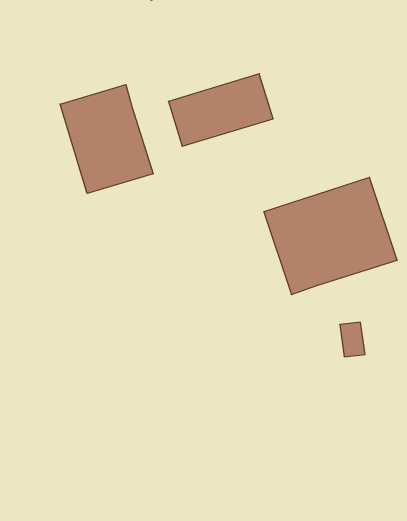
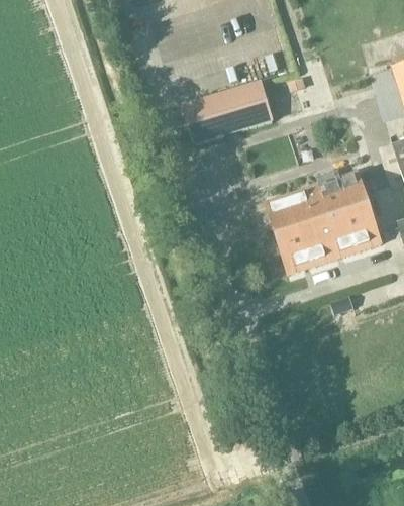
building: [60,85,153,193] -> none

